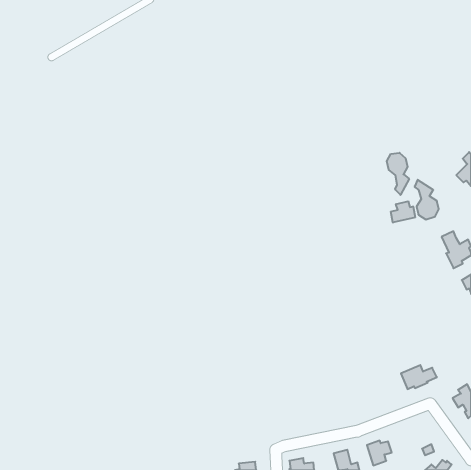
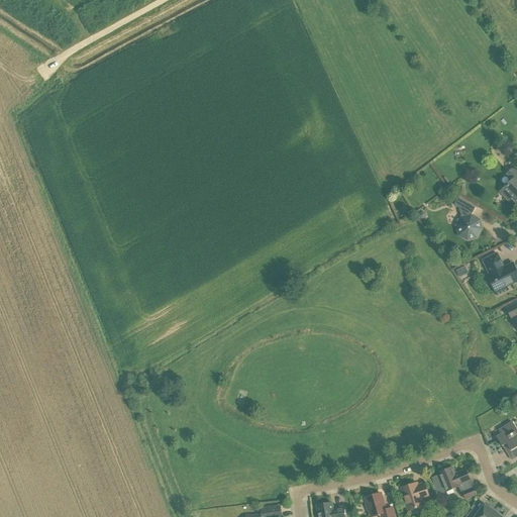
building: [387,153,409,195] -> none
building: [391,201,415,223] -> none
building: [401,365,437,389] -> [431,467,471,493]

